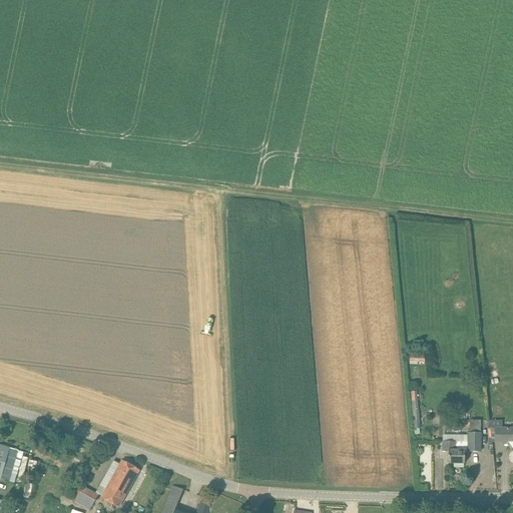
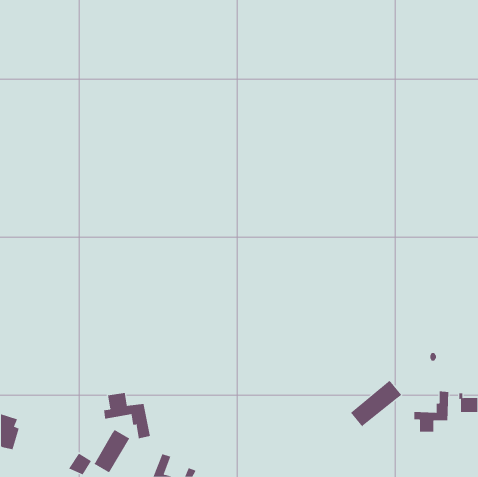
building: none -> [350,380,402,427]
building: none -> [103,392,150,439]

